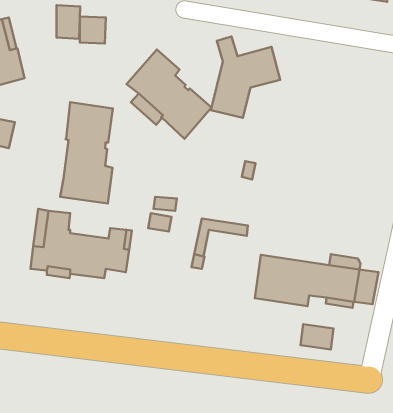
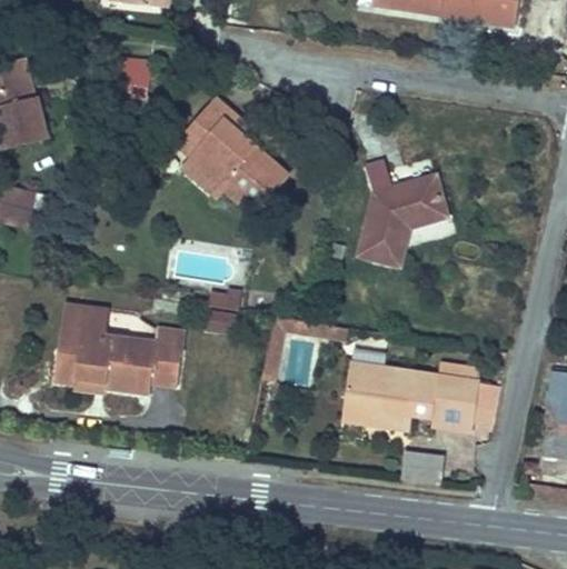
building: [57,5,80,39] -> none
building: [211,36,280,118] -> [358,160,447,264]
building: [60,102,113,203] -> none

